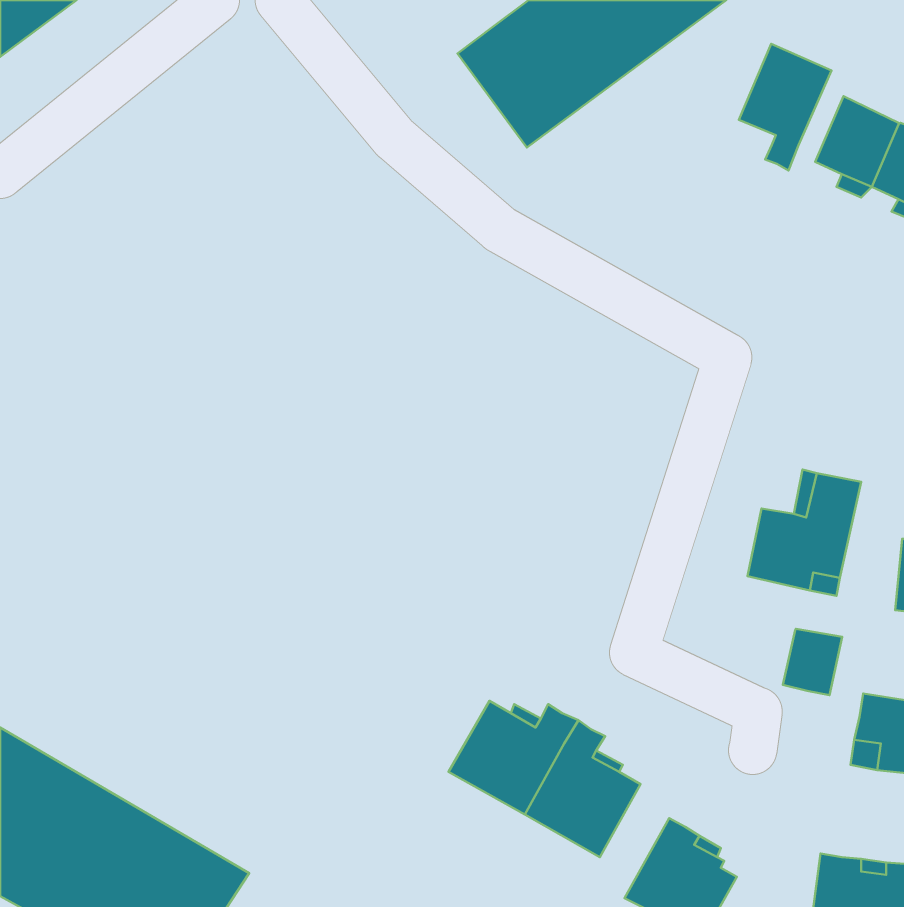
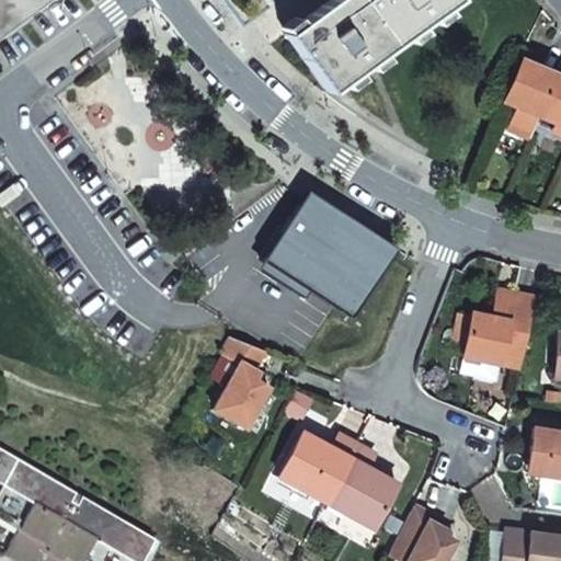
building: [739,44,832,171] -> none
building: none -> [265,192,400,321]
building: none -> [214,337,271,430]
building: [783,629,842,695] -> none

